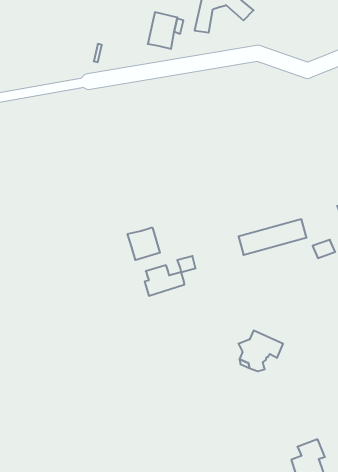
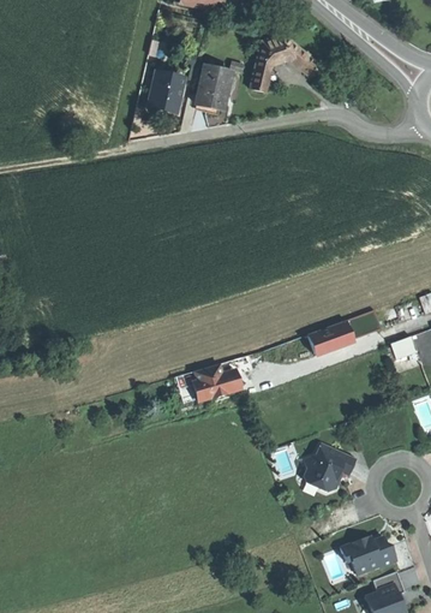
building: none -> [148,73,185,114]
building: [128,228,160,260] -> none
building: none -> [340,537,396,572]

